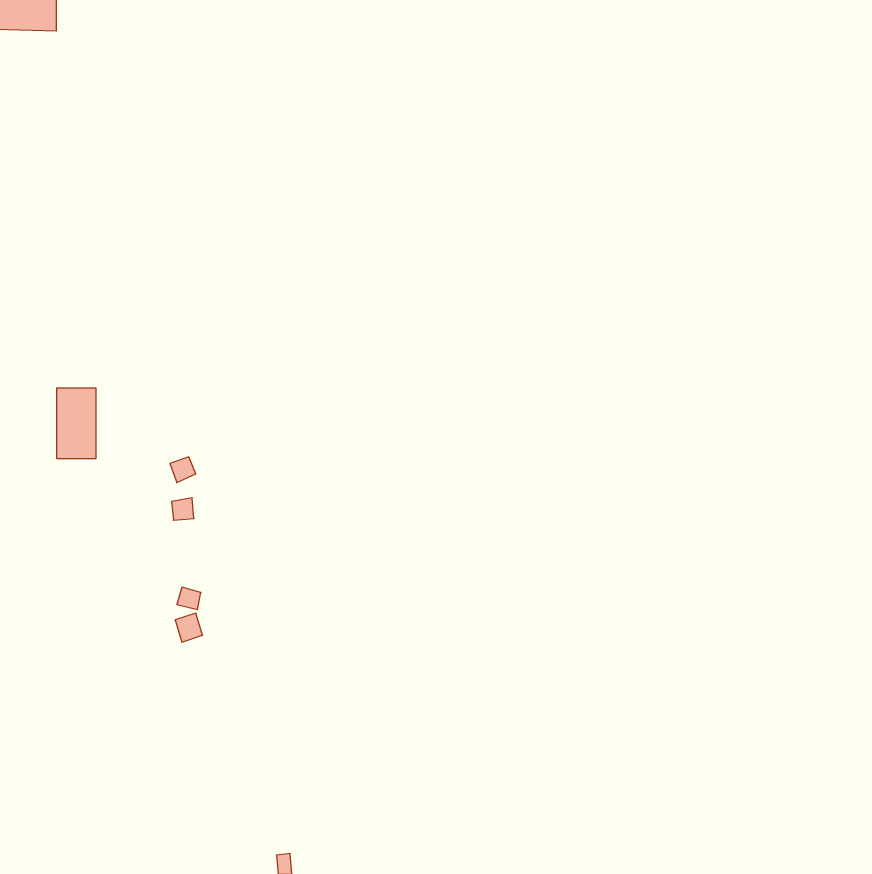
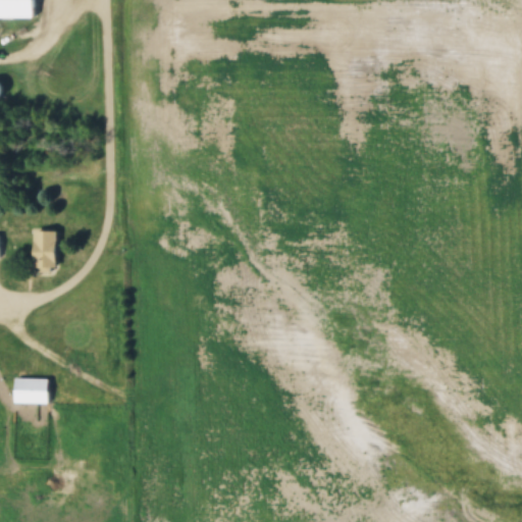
building: none -> [12,378,48,403]

